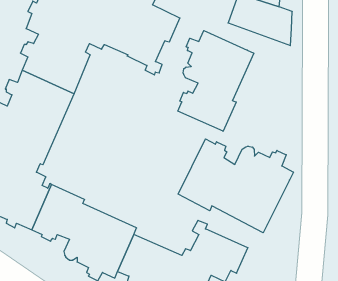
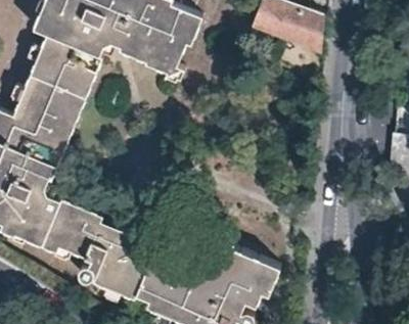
building: [178,31,254,131] -> none
building: [178,139,293,233] -> none

